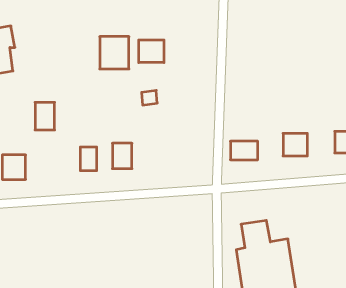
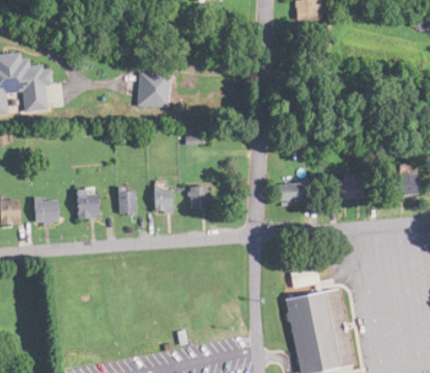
building: [139,40,164,63] -> none
building: [35,102,55,130] -> [76,190,96,219]
building: none -> [188,185,207,209]

